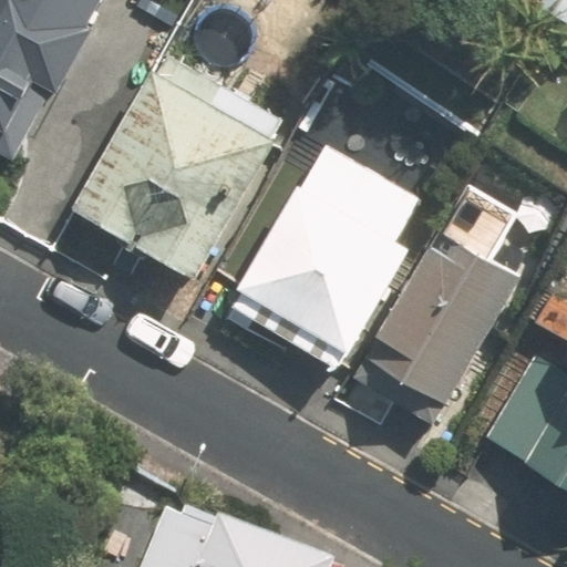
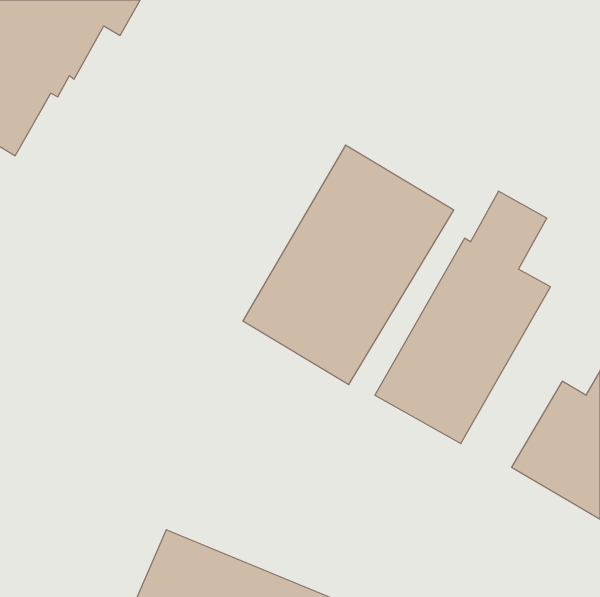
building: [79,69,285,276] -> none

